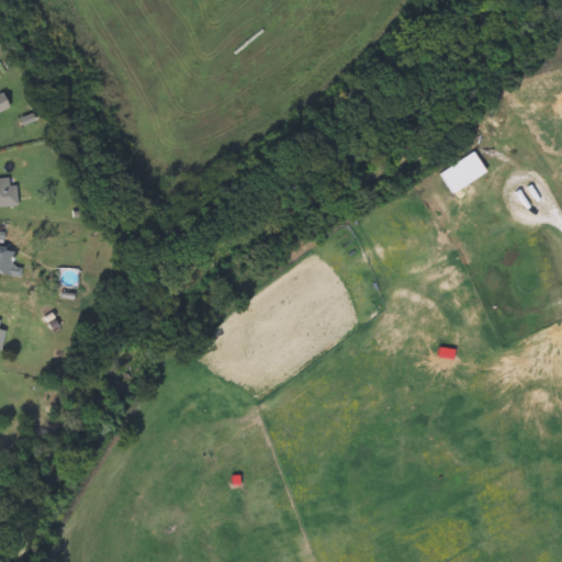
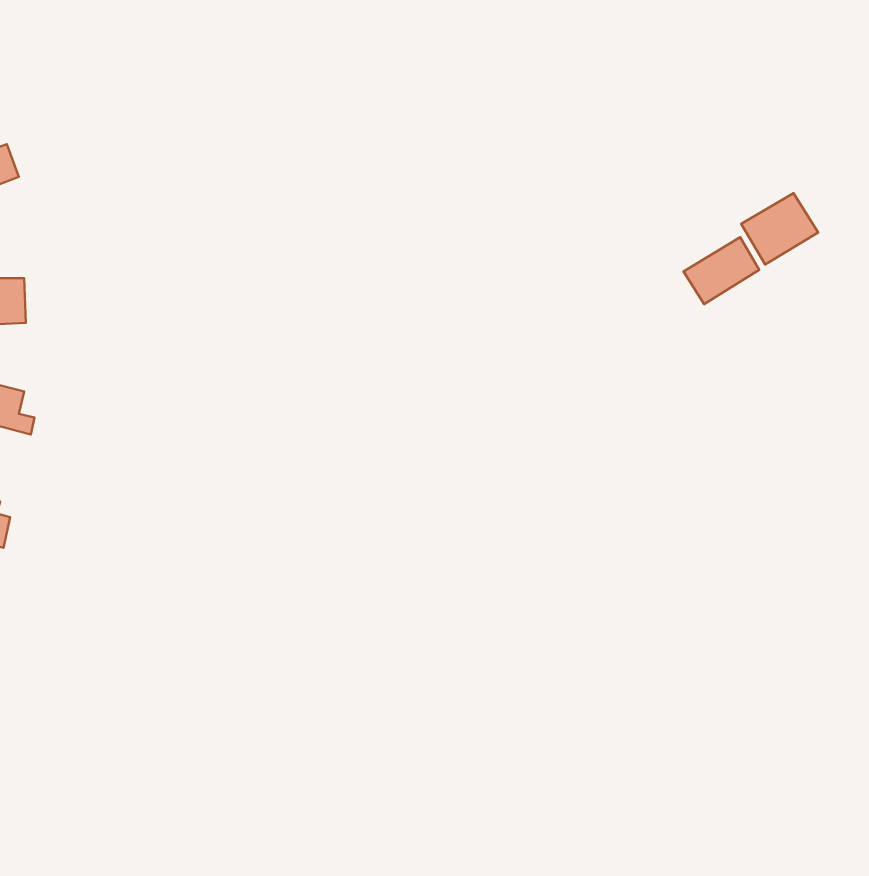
building: none -> [741,193,818,265]

